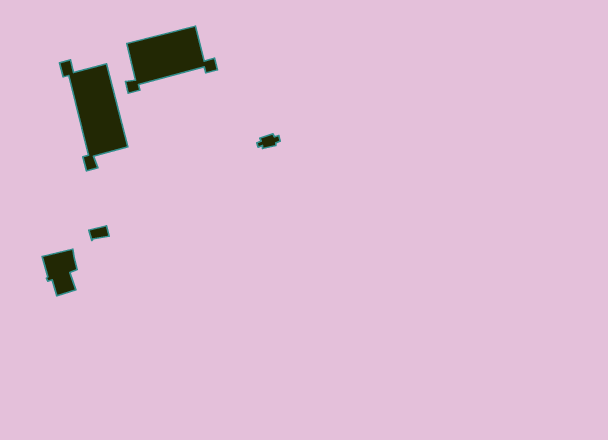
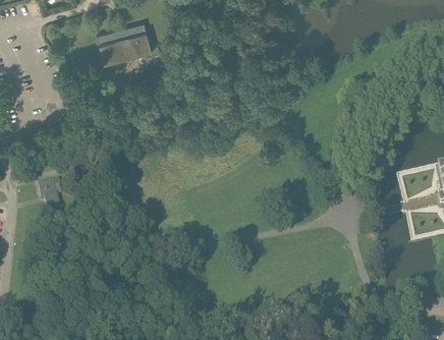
building: [60,60,128,171] -> none

